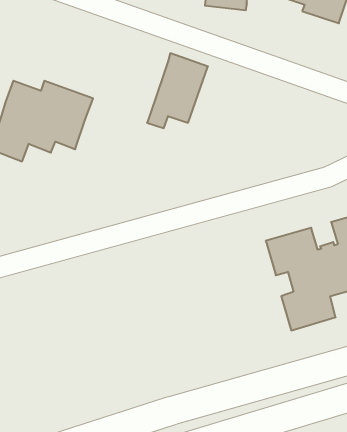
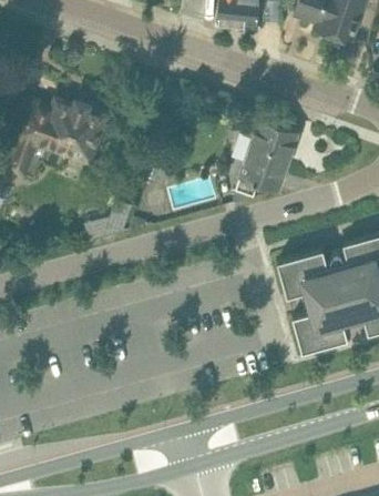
building: [147,53,208,128] -> [236,119,297,194]

